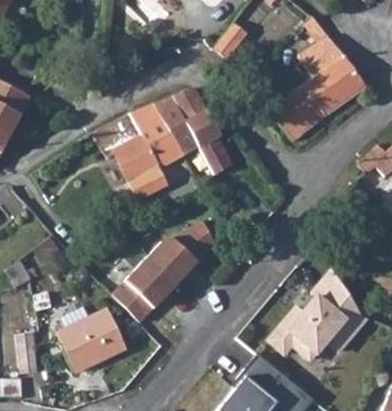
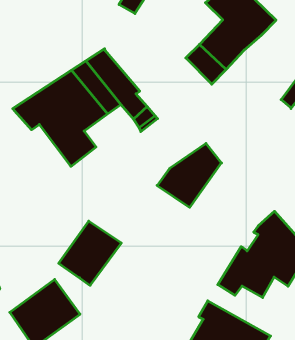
building: [148,222,216,283] -> [157,143,222,207]

